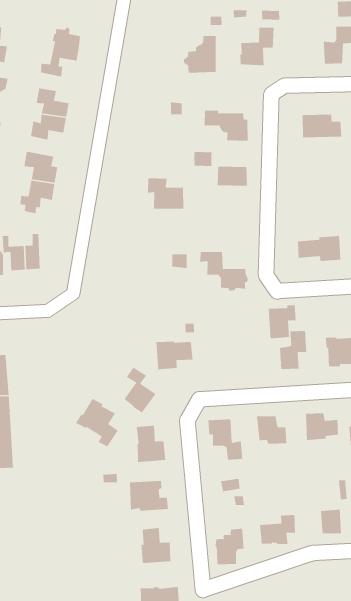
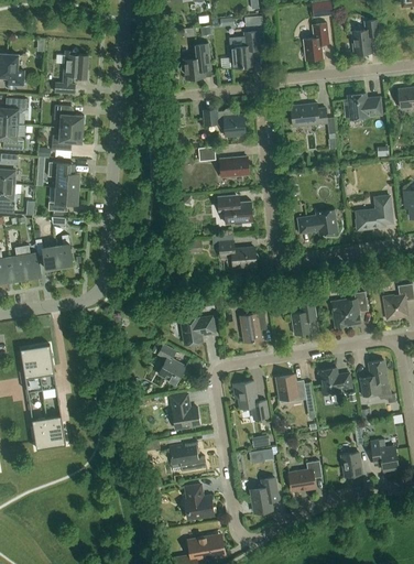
building: [147,177,184,210] -> [217,195,252,224]
building: [268,305,296,339] -> [239,310,265,343]
building: [75,398,119,448] -> none

